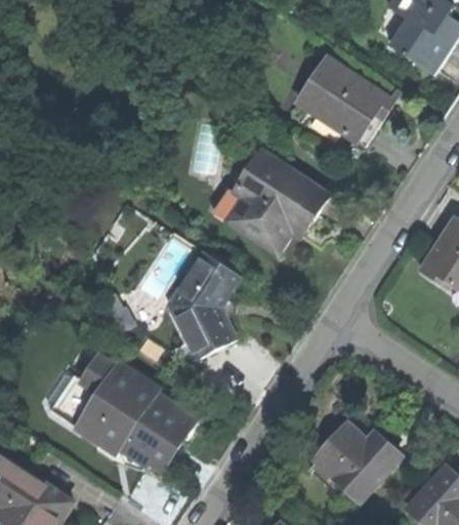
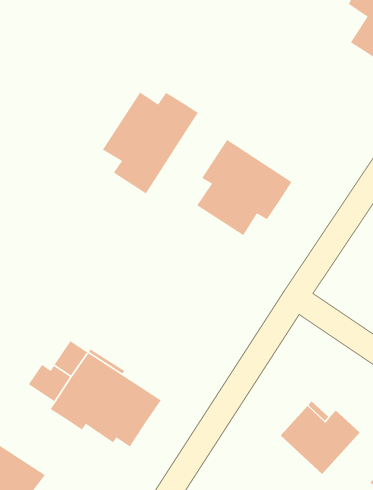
building: [298,56,392,145] -> none
building: none -> [102,92,199,195]
building: [170,252,237,356] -> none

